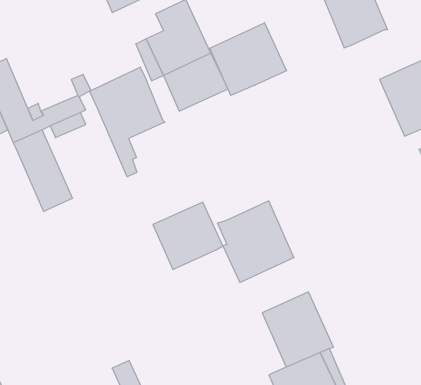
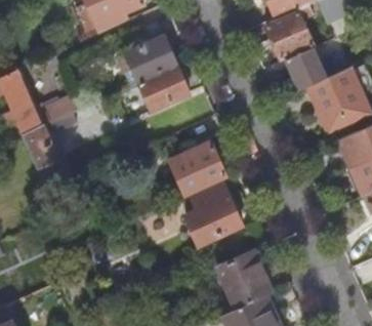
building: [210,23,287,95] -> none
building: none -> [285,46,325,89]
building: [89,67,165,177] -> none
building: [153,202,223,269] -> [172,142,226,195]

